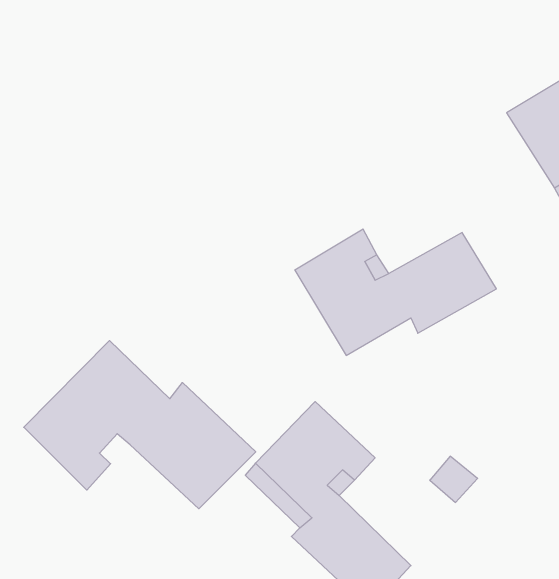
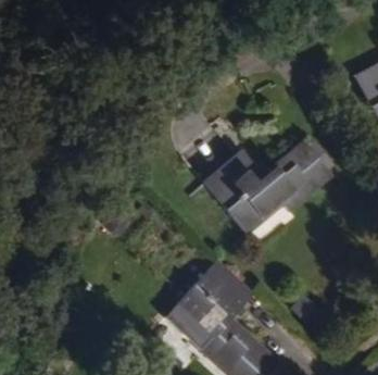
building: [24,341,256,509] -> none

